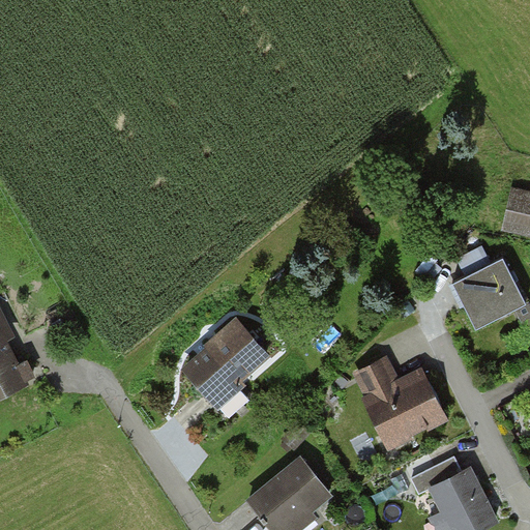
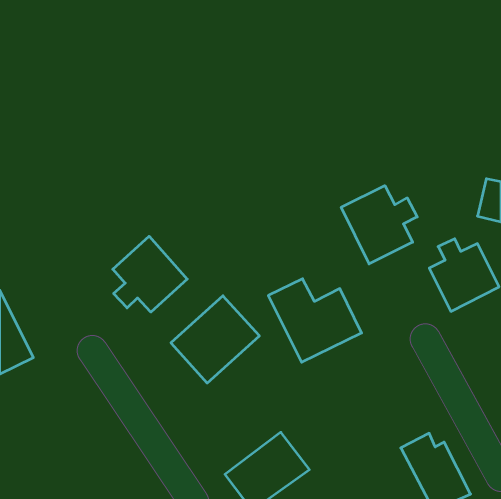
building: none -> [341,186,417,264]
building: none -> [113,236,187,312]
building: [353,358,451,446] -> [268,279,362,362]

